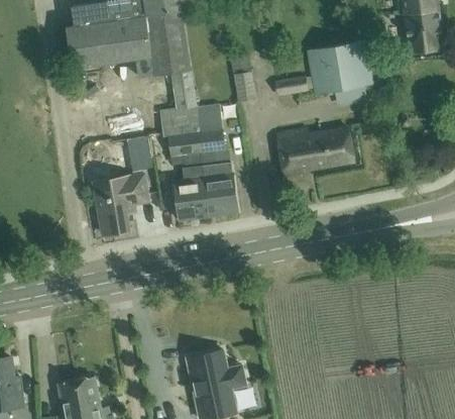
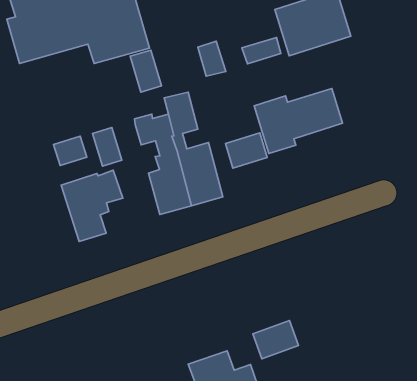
building: [159,106,199,136] -> none
building: none -> [53,136,87,165]
building: none -> [225,133,267,168]
building: none -> [253,320,299,359]

